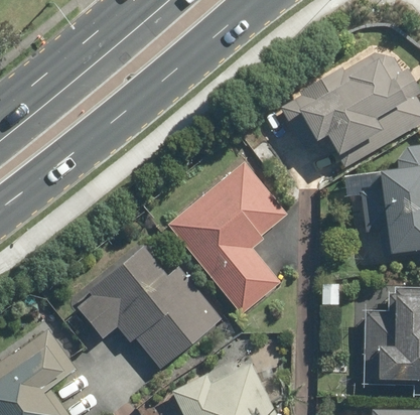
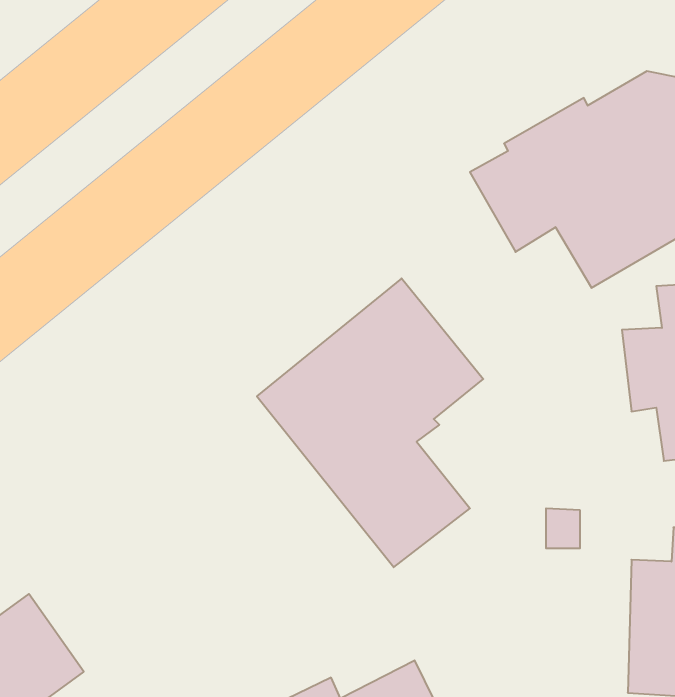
building: [79,245,221,369] -> none

